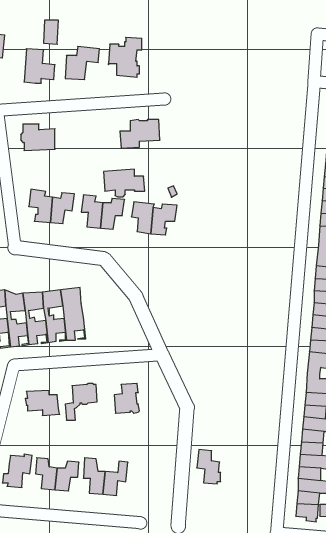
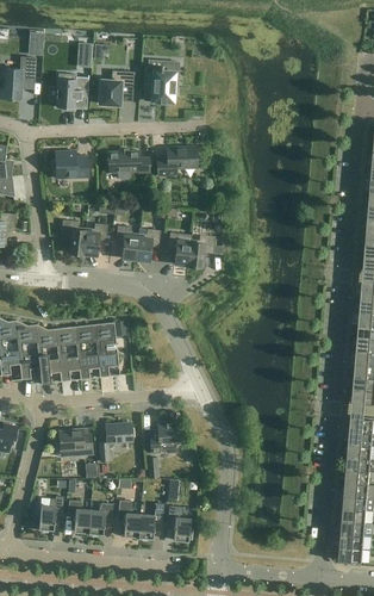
building: [104,169,145,197] -> [106,150,149,179]
building: [197,450,221,484] -> [166,505,191,541]

